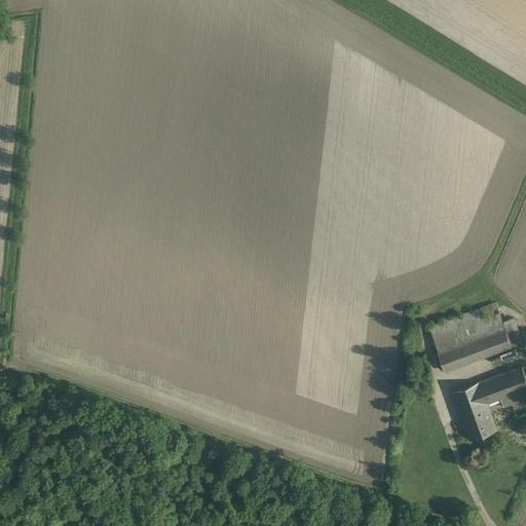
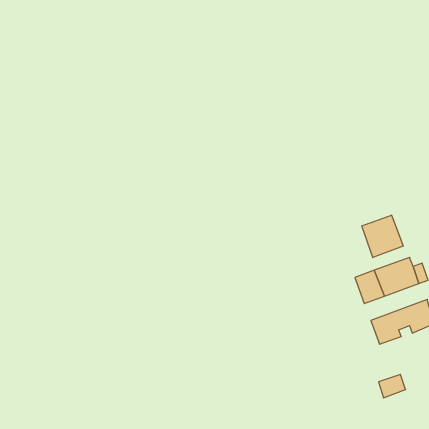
building: none -> [362,215,403,258]
building: [464,412,497,441] -> [379,374,406,398]

